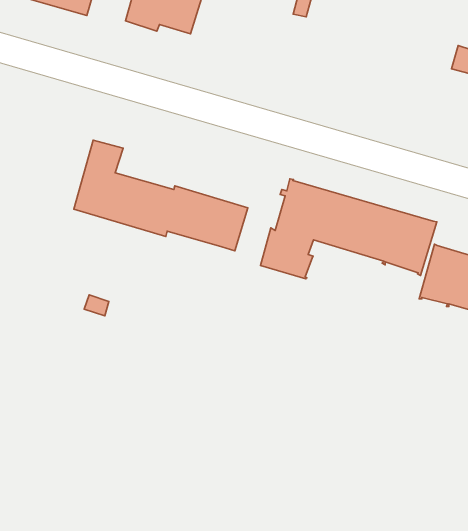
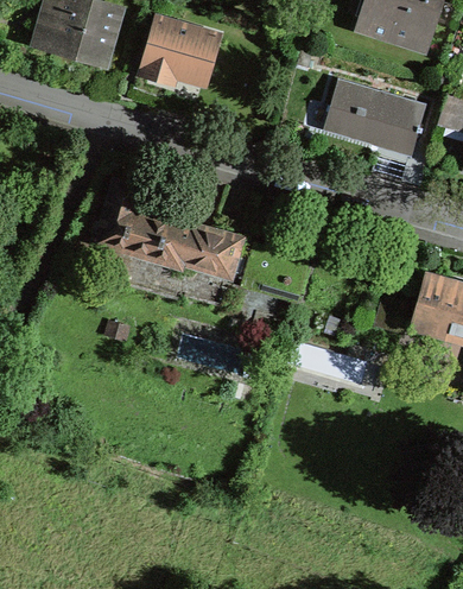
building: none -> [323,80,431,186]
building: [260,179,437,279] -> none

